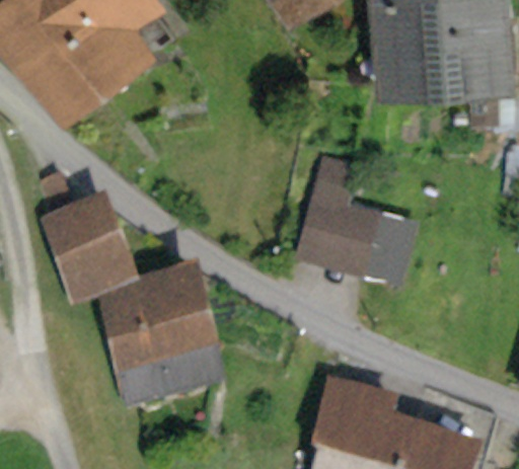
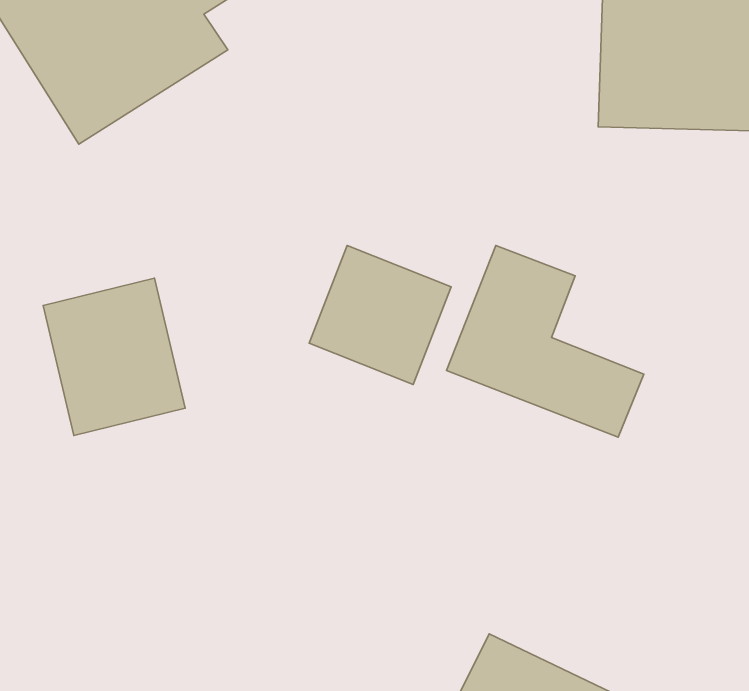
building: none -> [309,246,451,384]
building: [100,273,242,409] -> none

